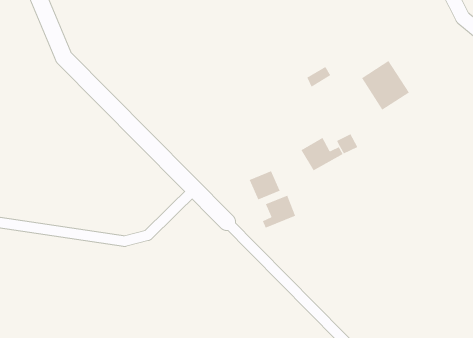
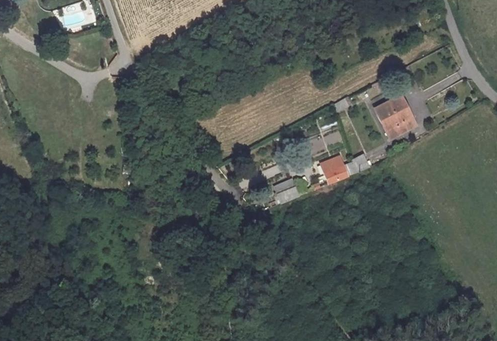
building: [262,195,296,229] -> none

